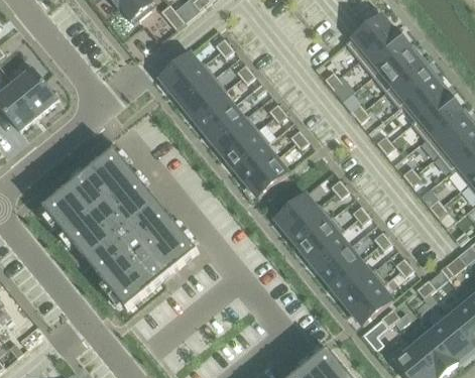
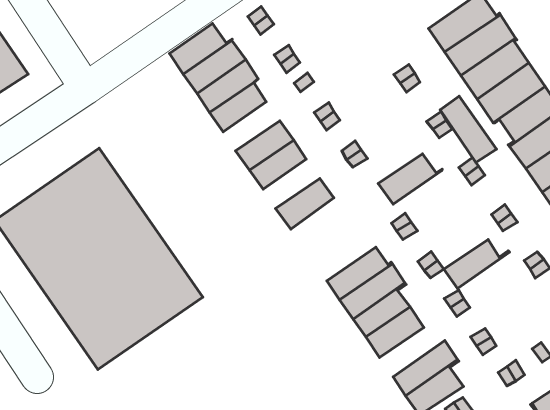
building: none -> [440,96,496,162]
building: [203,105,243,142] -> none
building: [235,144,275,181] -> none
building: [274,193,320,231] -> [378,154,442,204]
building: [329,259,375,296] -> [444,239,509,289]

